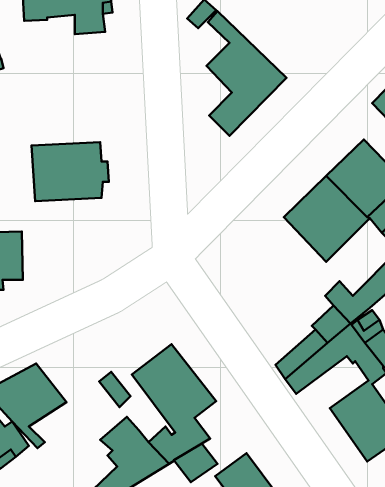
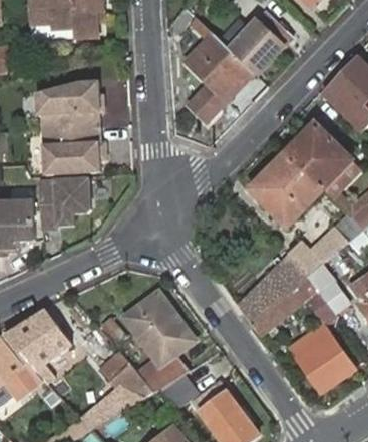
building: none -> [233,12,289,68]
building: none -> [35,80,100,128]
building: none -> [37,178,89,229]

